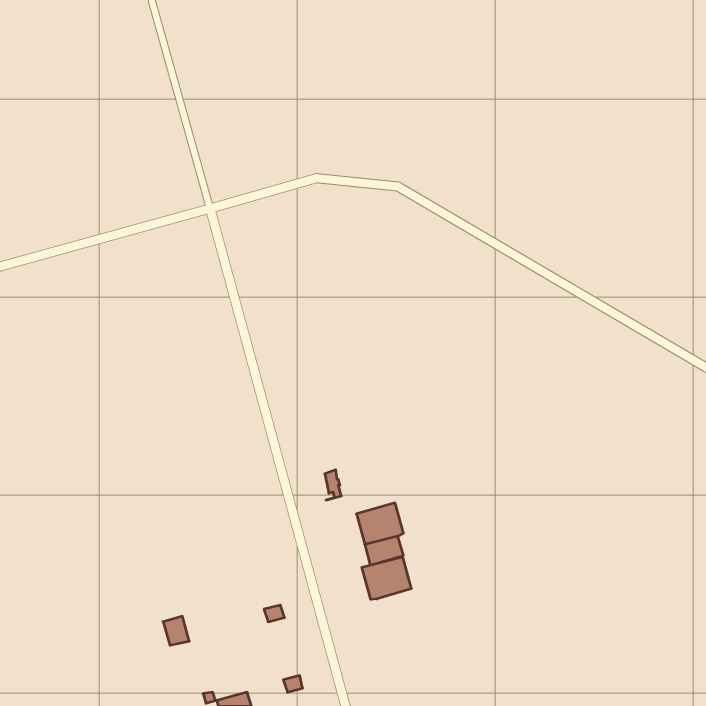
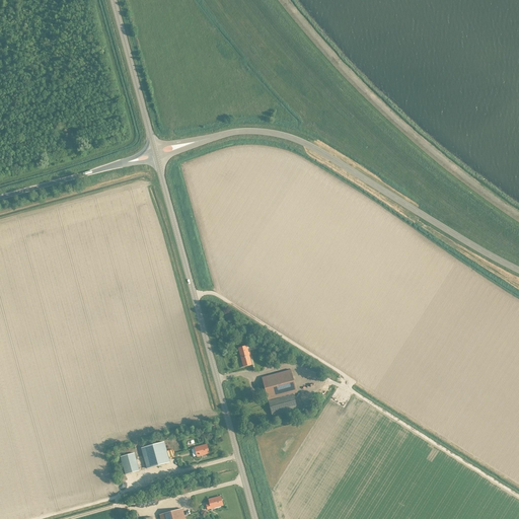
building: [362,557,411,599] -> none
building: none -> [141,441,169,467]

